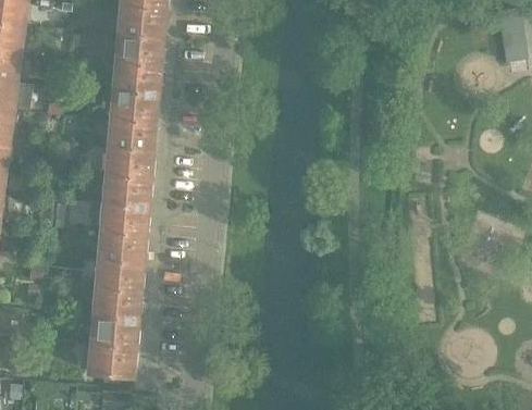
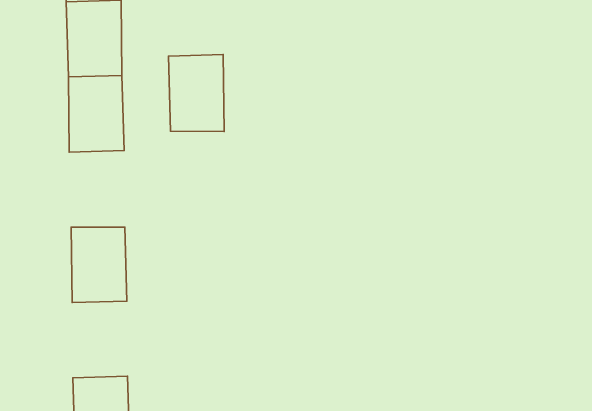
building: [107,144,152,204] -> [168,55,224,131]
building: [96,257,143,316] -> none

